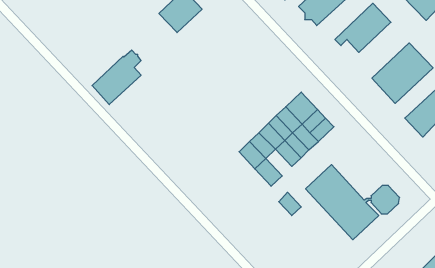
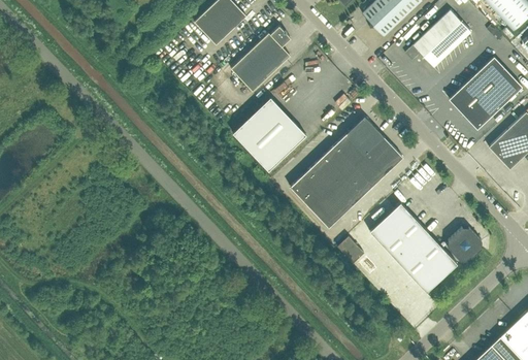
building: [92,50,141,105] -> [232,26,291,91]
building: none -> [233,96,307,170]
building: none -> [323,184,354,216]

